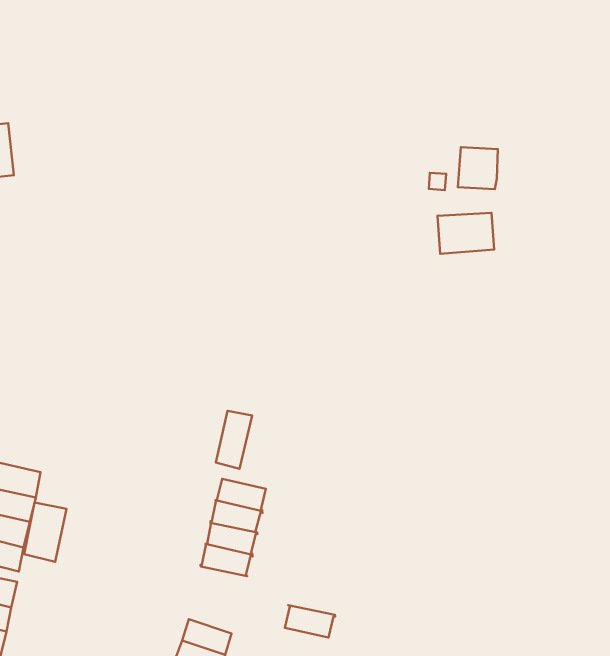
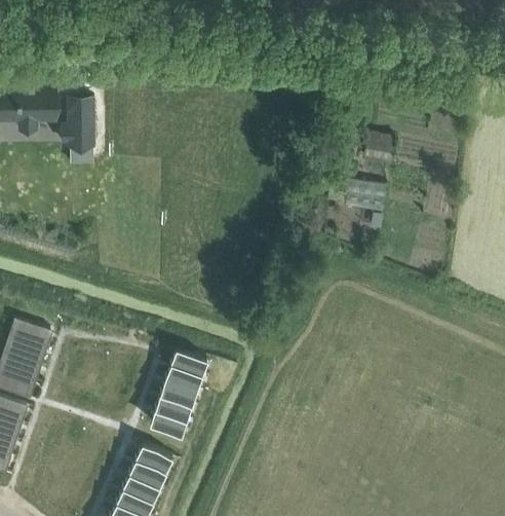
building: none -> [66,103,93,151]
building: [216,411,252,469] -> none
building: [24,502,67,562] -> none
building: [285,605,335,638] -> [150,412,186,438]

